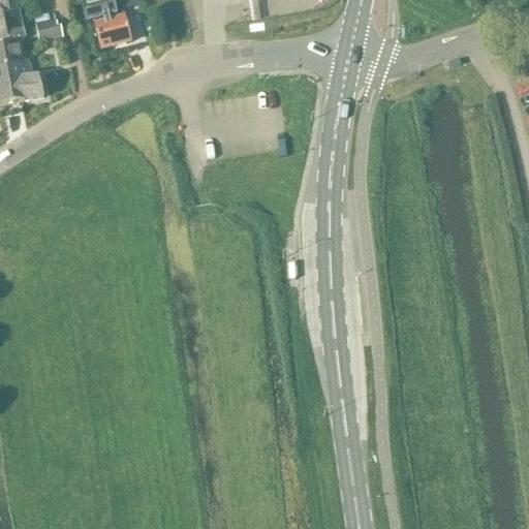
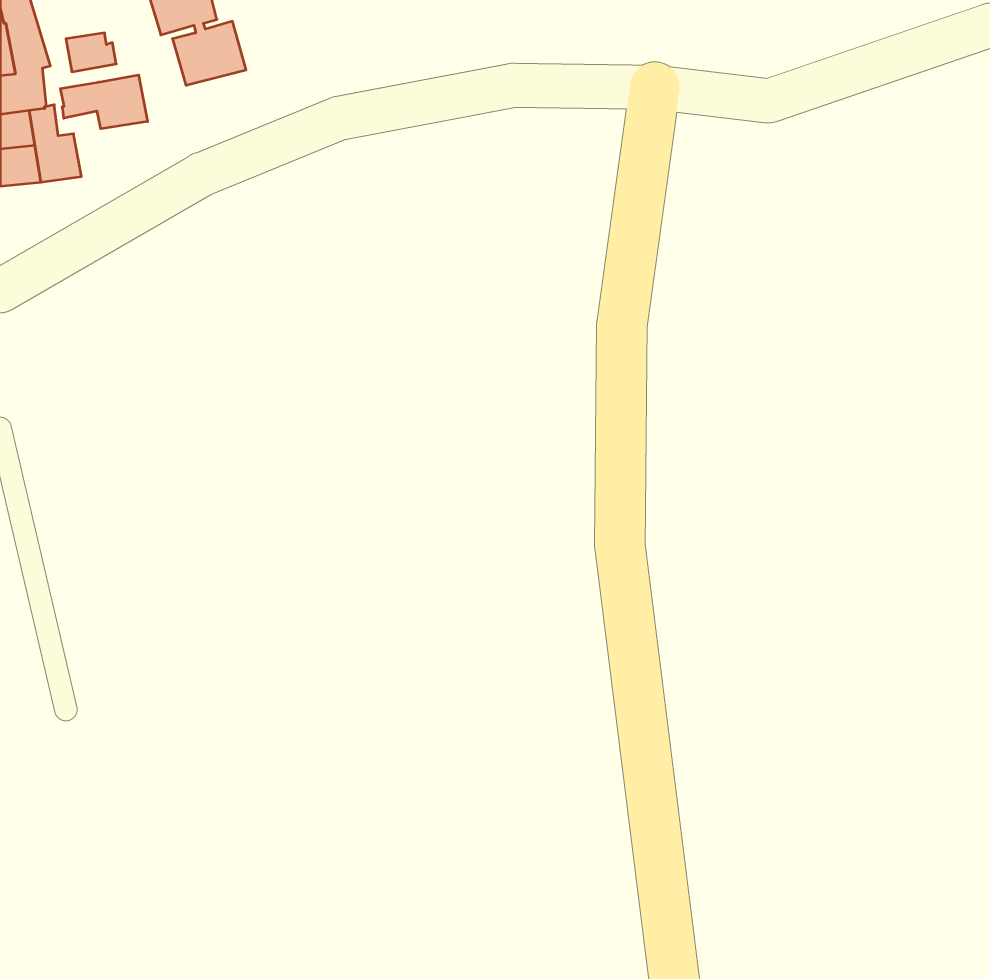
building: none -> [60,75,148,129]

